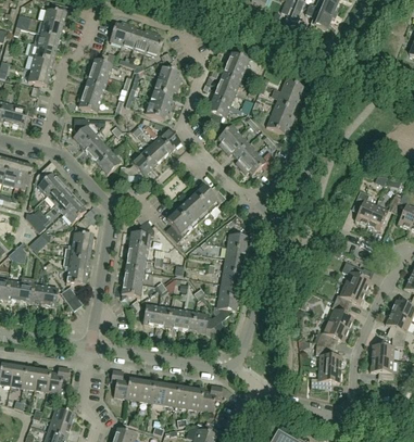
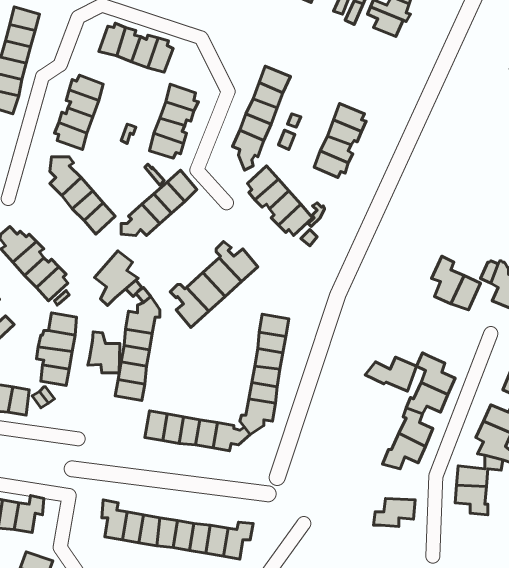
building: none -> [94,251,138,306]
building: none -> [88,332,120,373]
building: none -> [365,357,417,391]
building: [316,342,342,368] -> none

